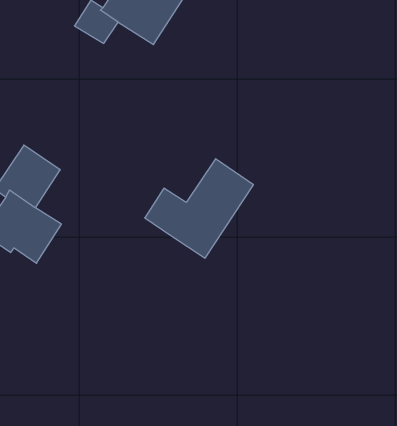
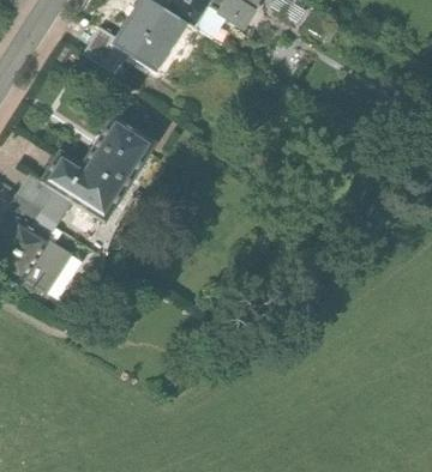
building: [145,159,253,258] -> [42,120,152,220]

